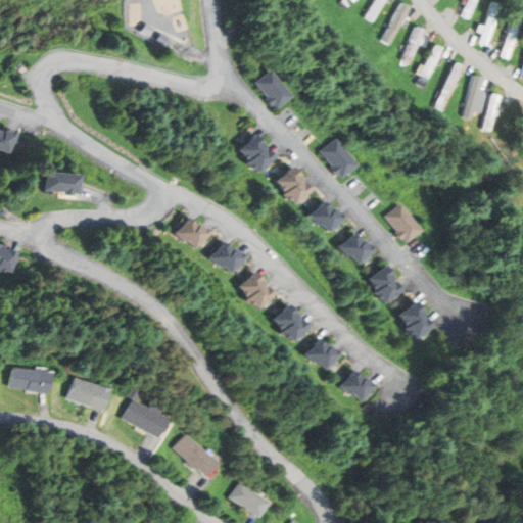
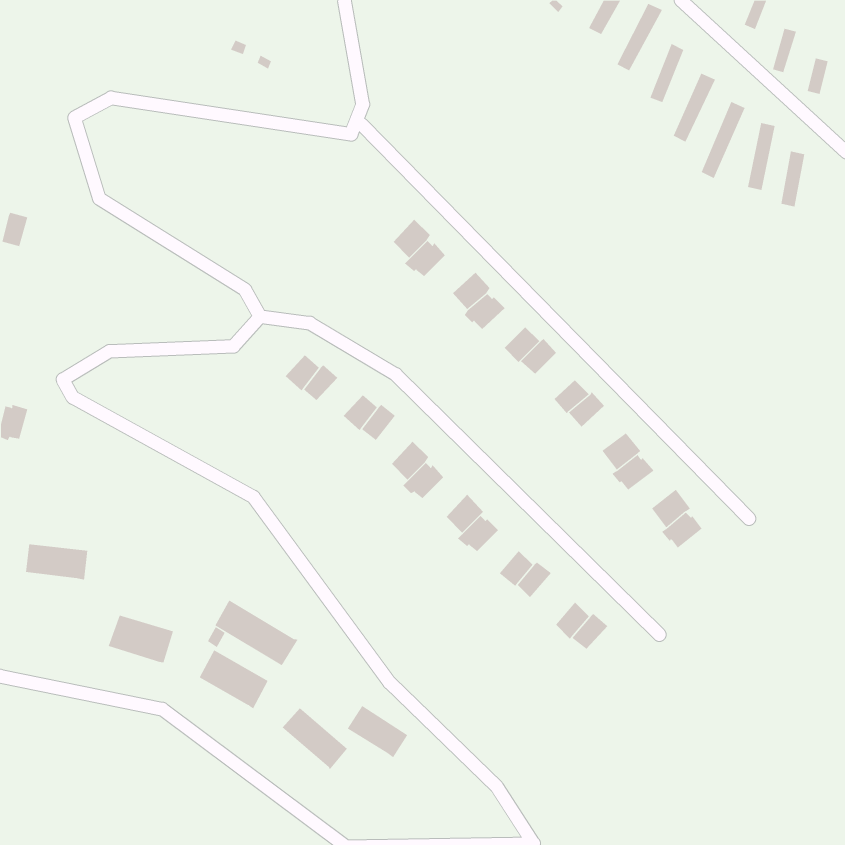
building: [256,72,291,108] -> none
building: [321,141,355,177] -> none
building: [46,174,81,193] -> none
building: [386,205,421,242] -> none
building: [10,370,49,392] -> [25,544,88,580]
building: none -> [214,599,298,666]
building: [230,484,268,517] -> [347,705,408,758]

